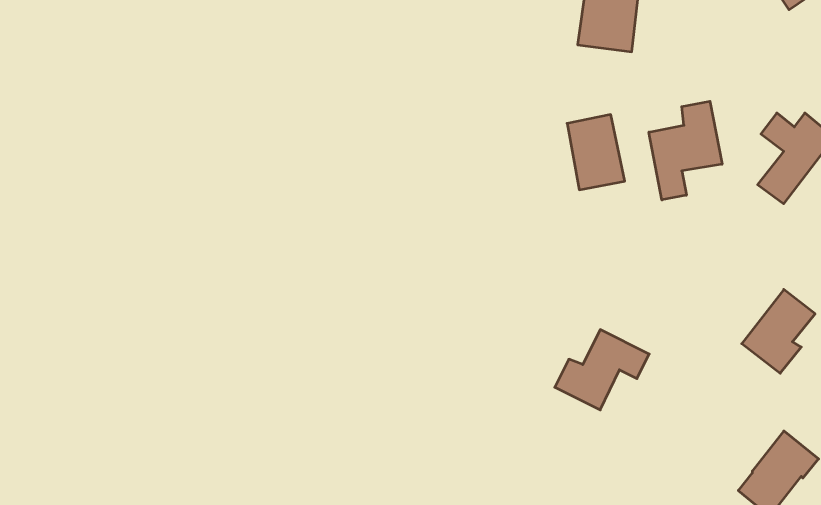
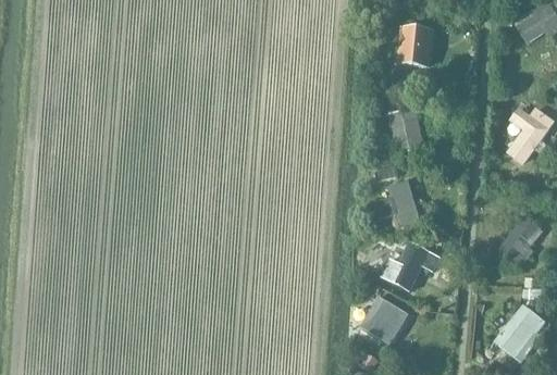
building: [649,101,722,200] -> none
building: none -> [376,182,421,226]
building: none -> [361,297,409,345]

